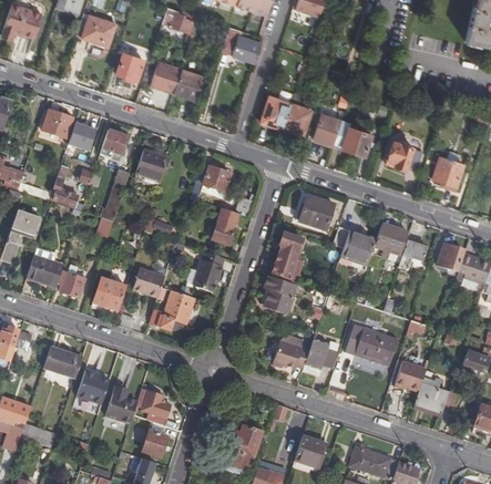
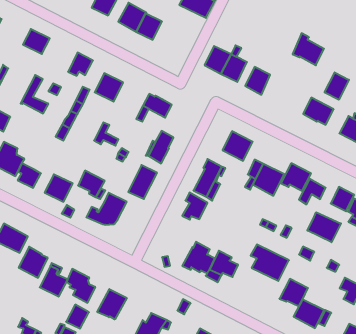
building: none -> [325,72,349,100]
building: [335,120,371,155] -> [293,33,324,65]
building: [68,121,95,148] -> none
building: none -> [307,212,341,242]
building: none -> [97,289,127,319]

